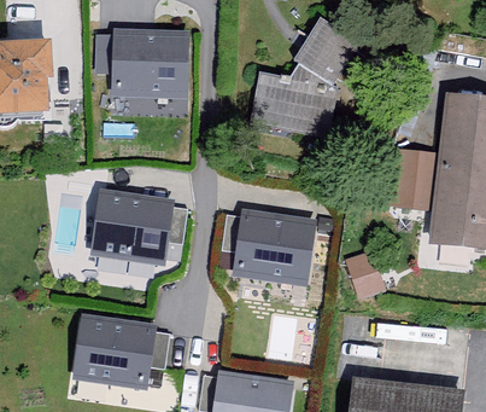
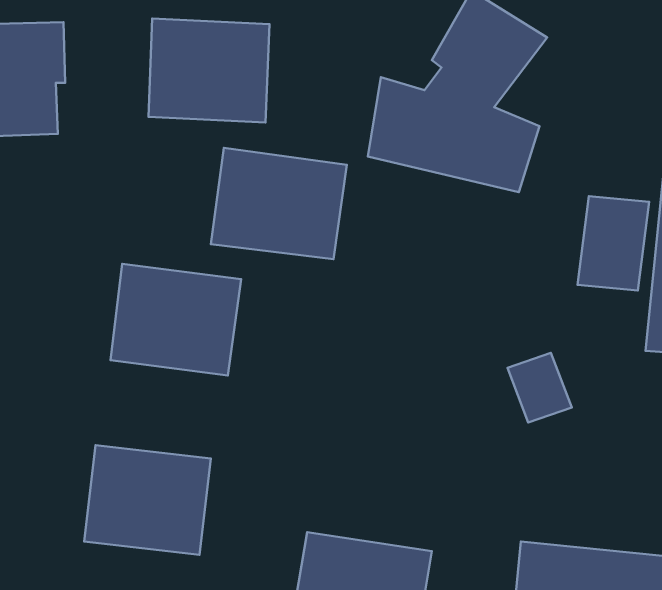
building: [229,216,316,288] -> [211,148,347,259]

